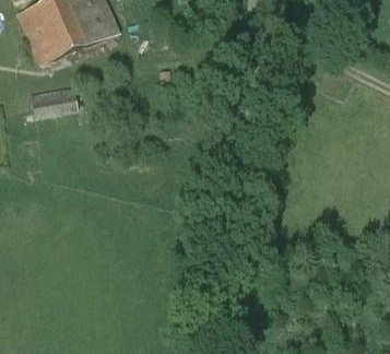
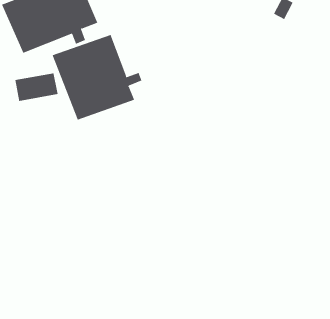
building: none -> [52,34,142,121]

